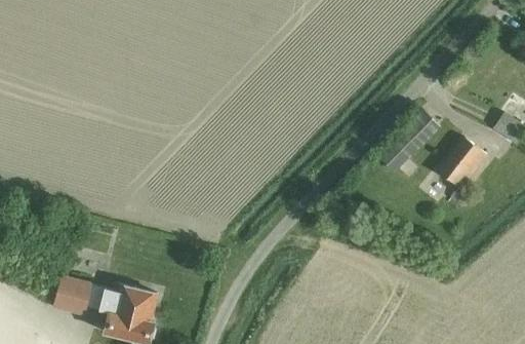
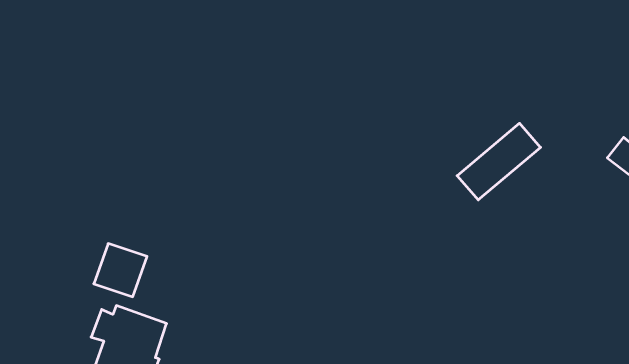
building: [438,139,487,189] -> none
building: [50,276,90,316] -> [94,244,147,297]

